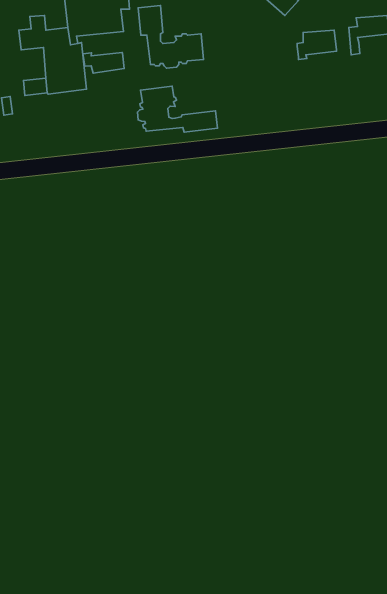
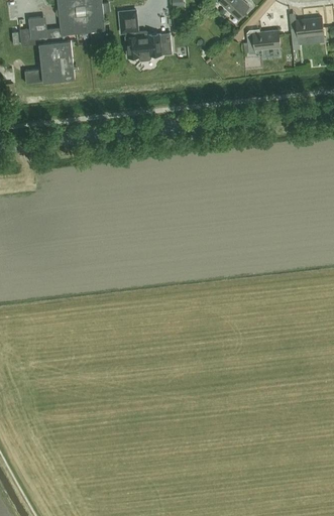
building: [83,52,124,73] -> none
building: [137,86,218,132] -> none

